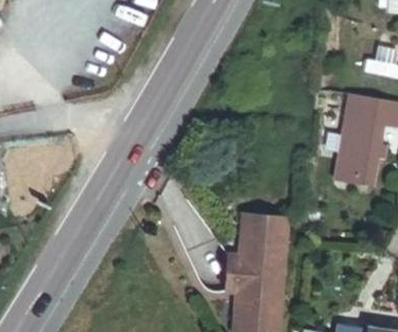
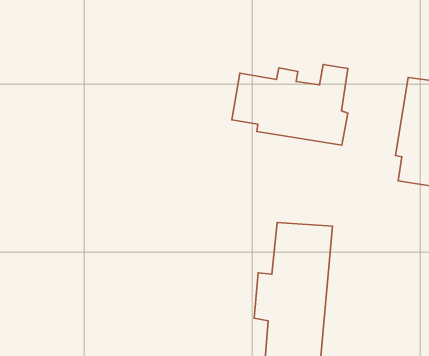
building: none -> [232,65,348,145]

